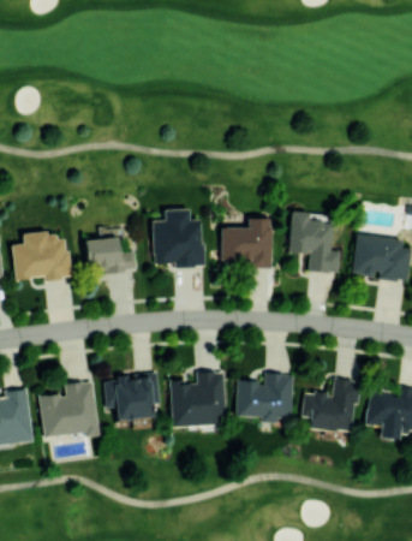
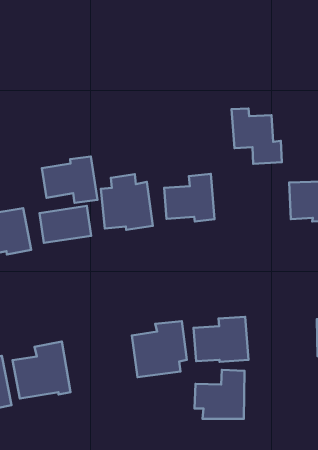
building: none -> [42,156,98,203]
building: [289,210,340,273] -> [232,109,282,164]
building: [103,373,161,420] -> none
building: [300,377,358,433] -> [195,370,244,419]

